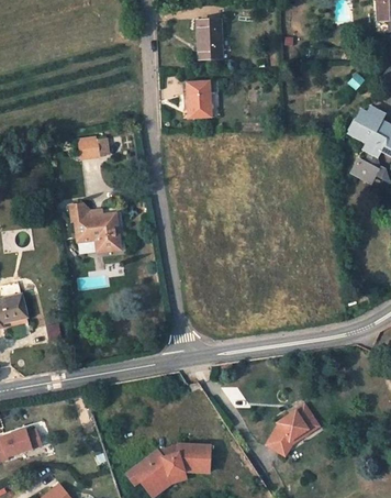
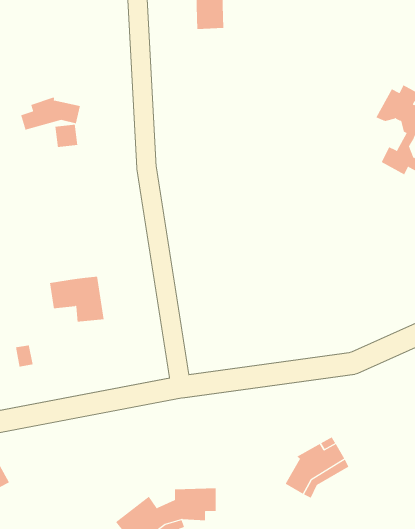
building: [186,80,219,119] -> none
building: none -> [20,97,81,130]
building: [74,213,120,252] -> [49,276,104,322]

